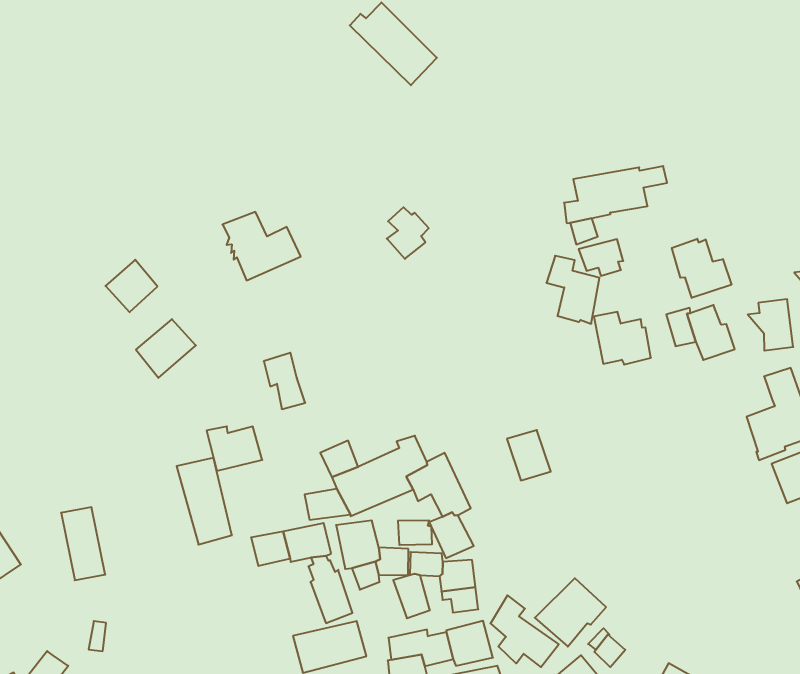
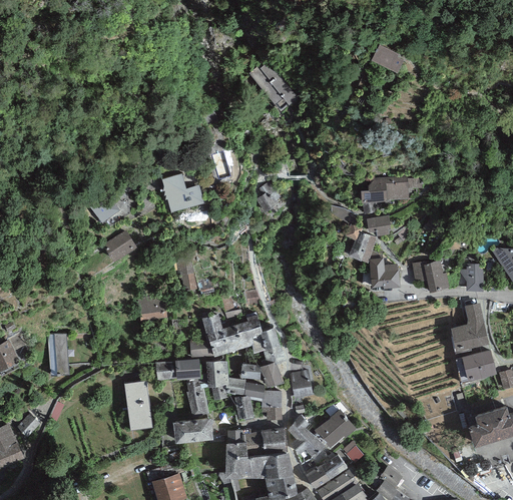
building: [672,239,731,298] -> none
building: [507,430,551,480] -> [290,369,313,397]
building: [177,458,232,545] -> [124,381,151,430]

